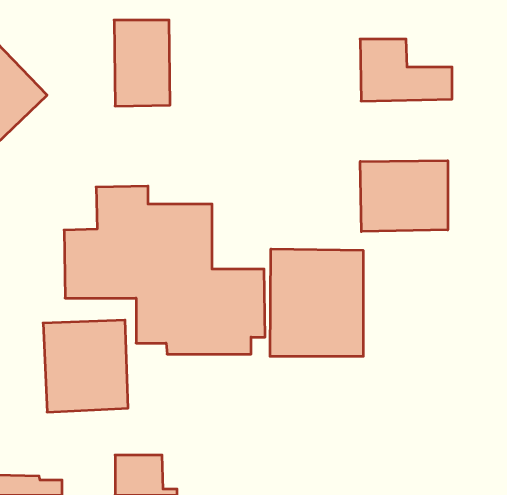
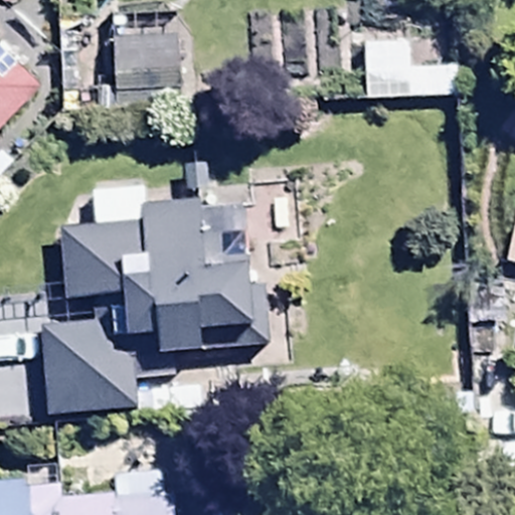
building: [360,161,448,232] -> none
building: [270,249,363,356] -> none

